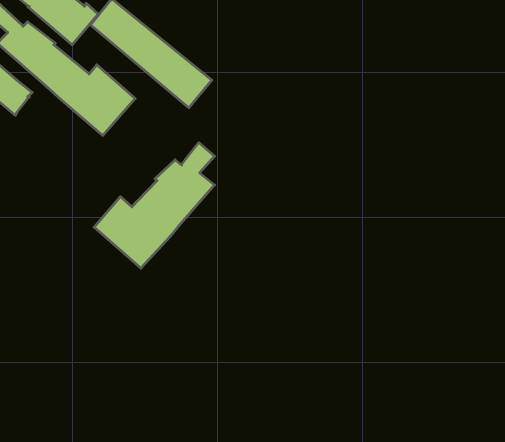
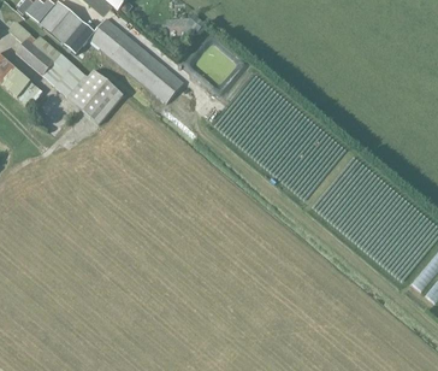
building: [94,143,215,268] -> none

